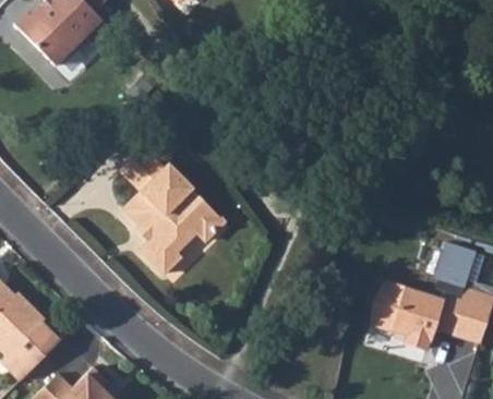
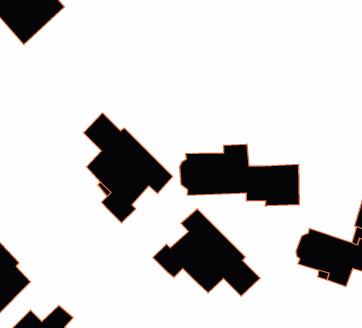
building: none -> [180,144,299,206]
building: none -> [153,209,260,296]

